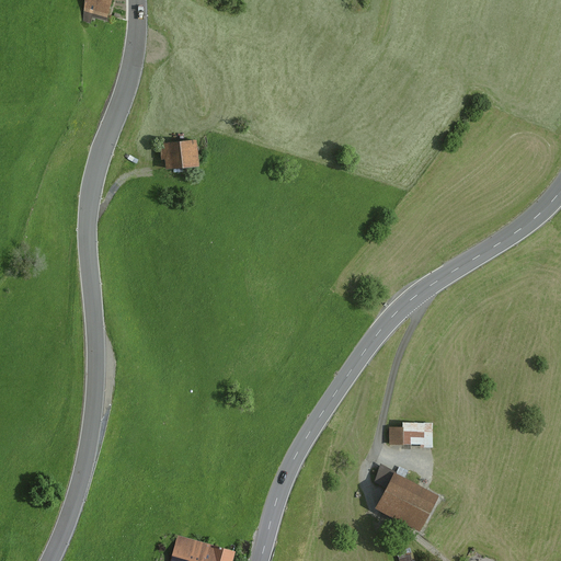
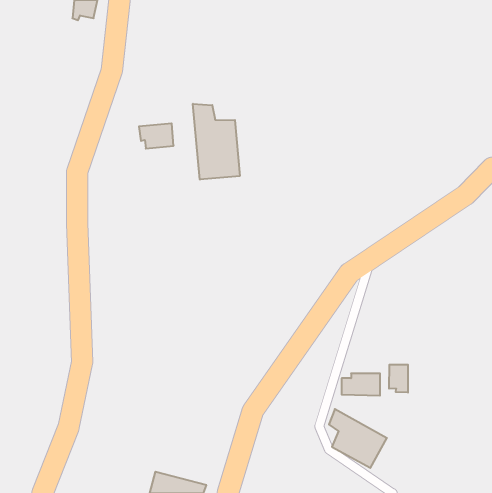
building: none -> [193,104,240,180]
building: none -> [389,365,408,393]

